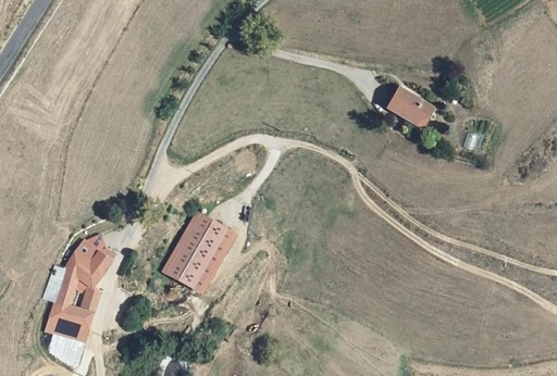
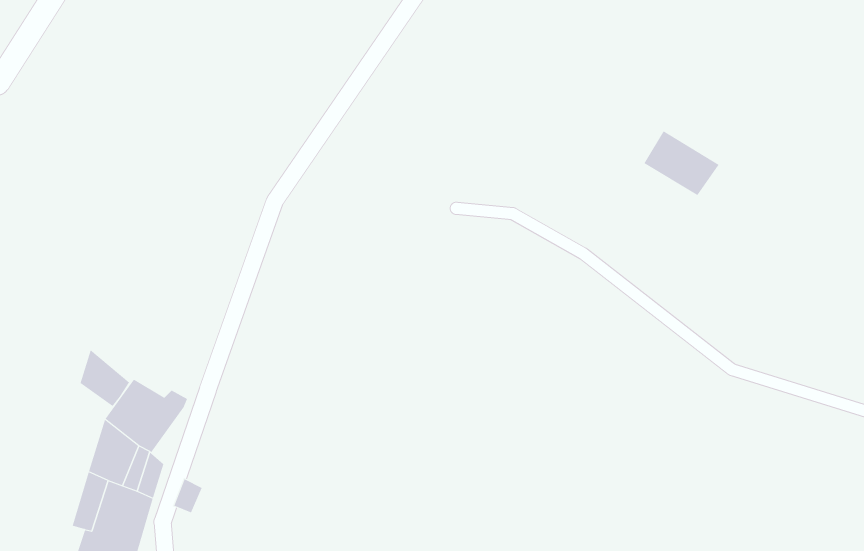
building: [163,211,231,288] -> none
building: none -> [80,349,130,407]

